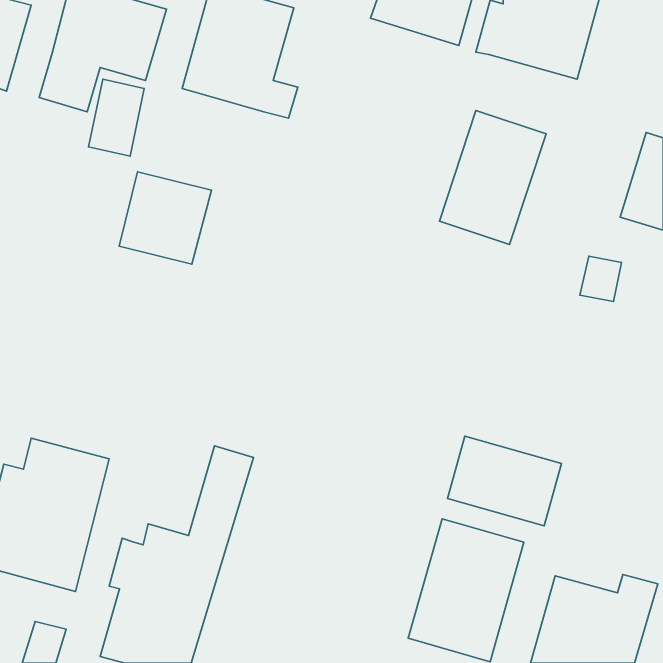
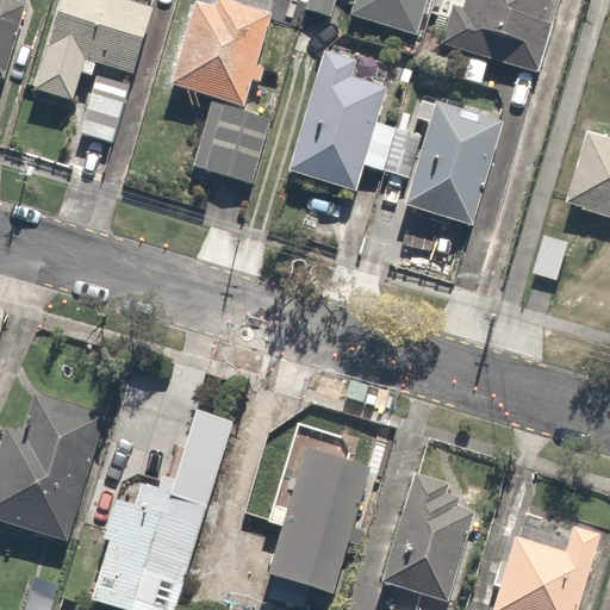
building: none -> [285,45,396,192]
building: [119,172,211,264] -> [192,98,276,182]
building: [448,436,562,526] -> none
building: none -> [267,450,372,591]

